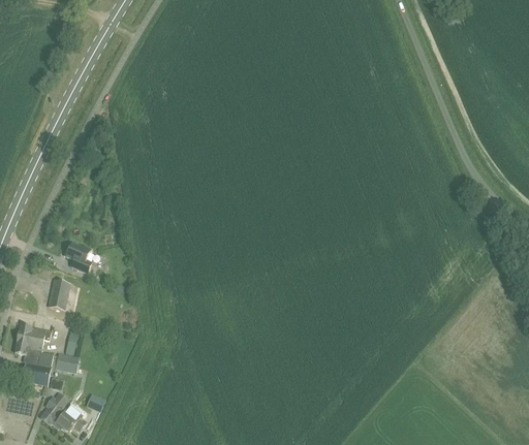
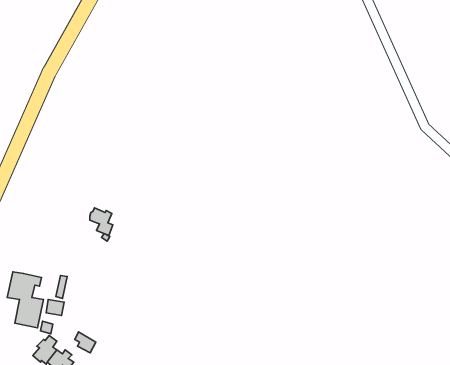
building: [66,243,91,273] -> [90,208,113,235]
building: [48,279,70,310] -> none

